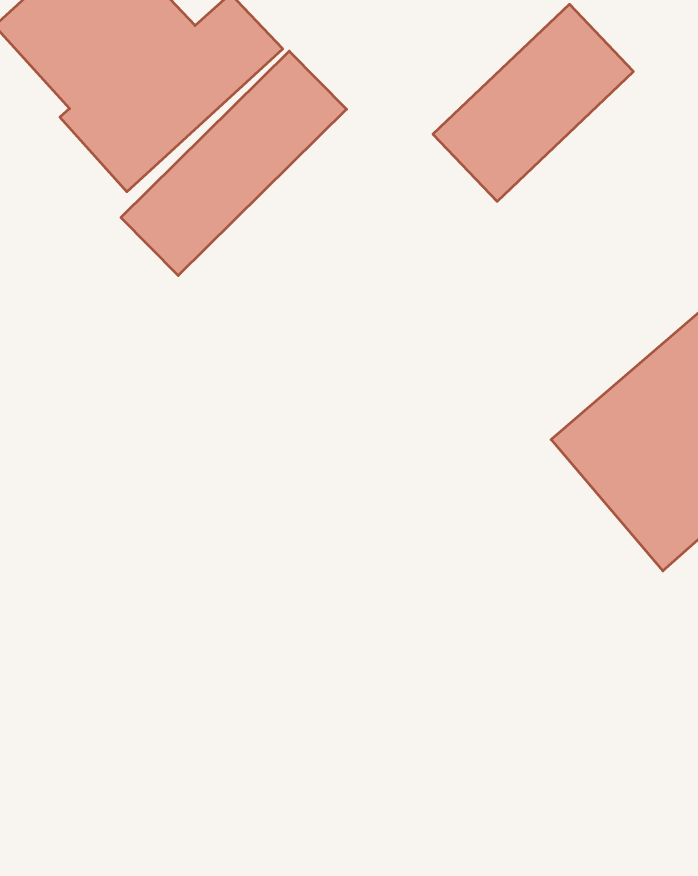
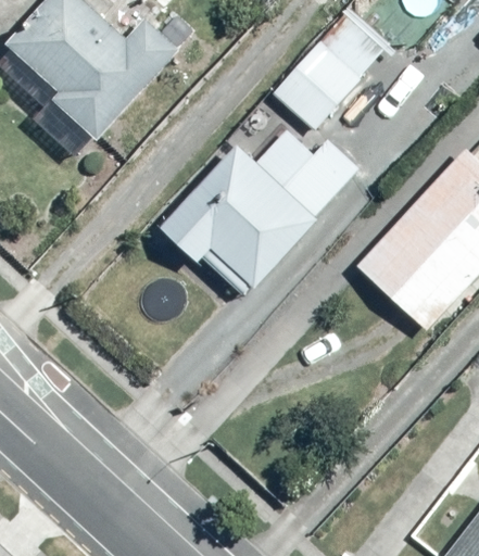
building: [121,51,347,276] -> none
building: none -> [156,128,357,291]

